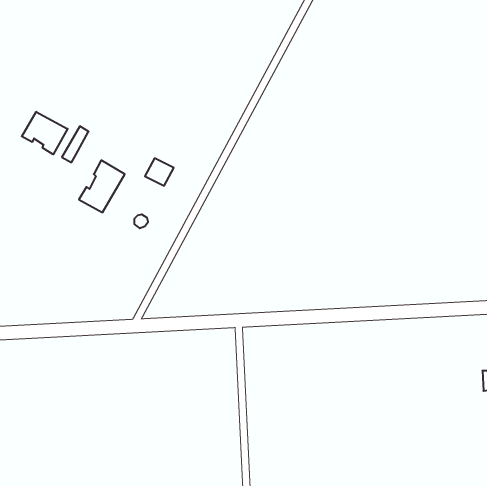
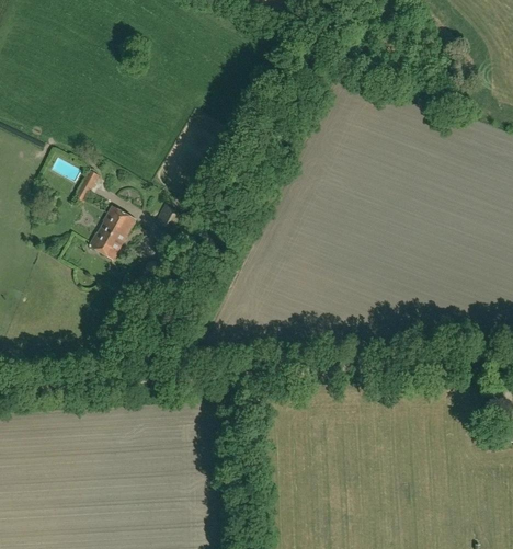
building: [22,112,68,154] -> none

